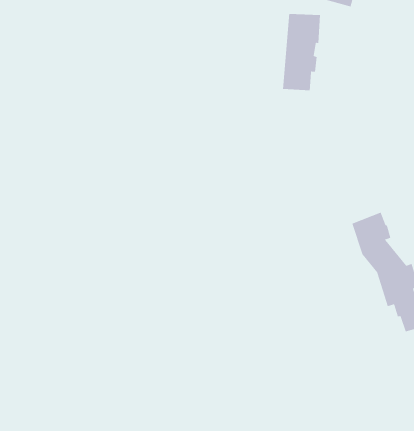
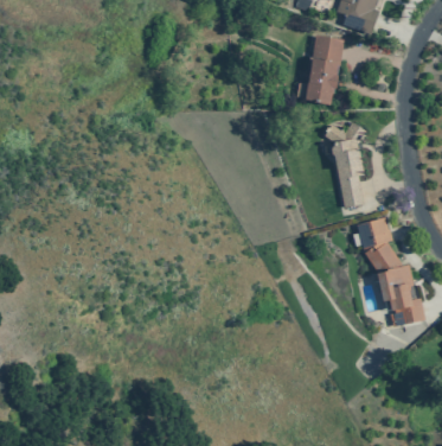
building: none -> [325,122,365,208]

